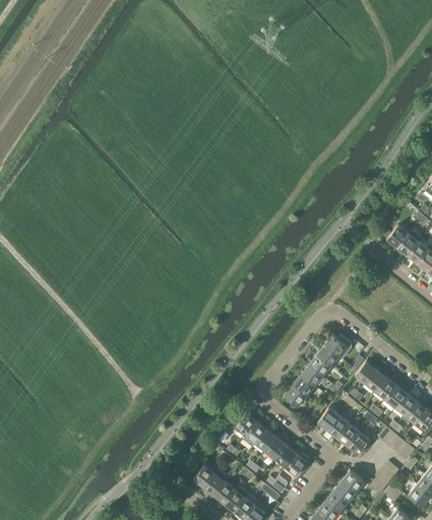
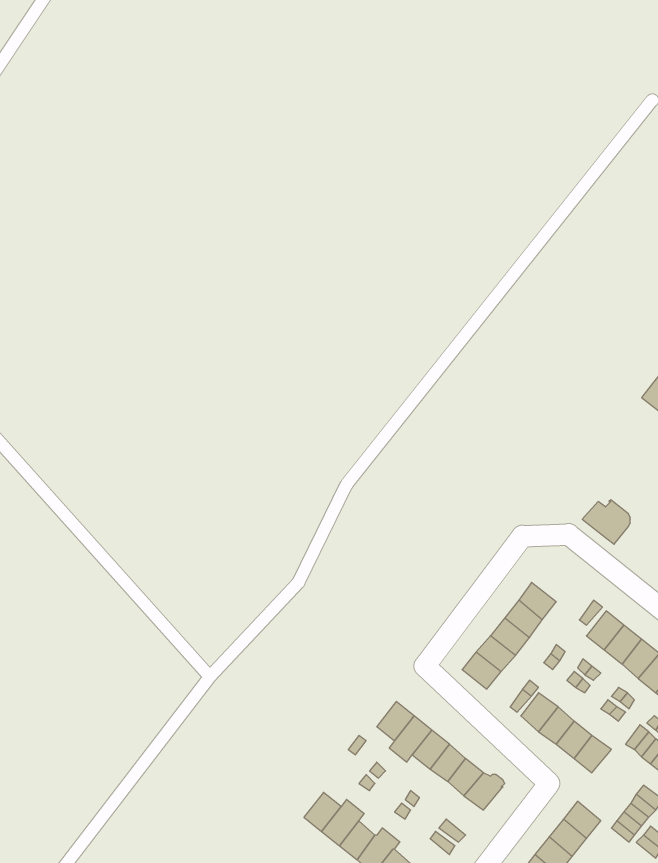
building: [324,334,352,360] -> [582,500,630,544]

